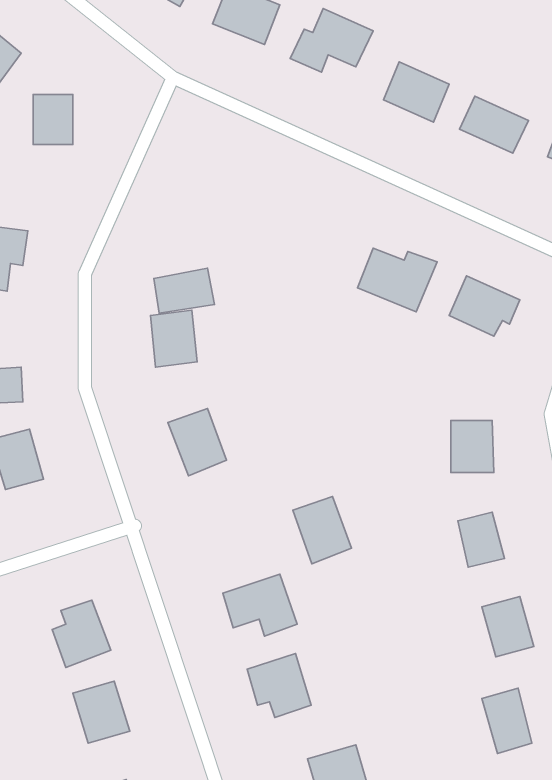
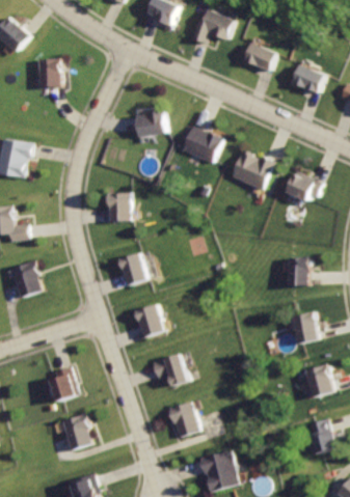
building: none -> [178,125,221,162]
building: [154,268,214,313] -> [127,112,163,139]
building: [293,497,351,564] -> [134,302,169,342]

